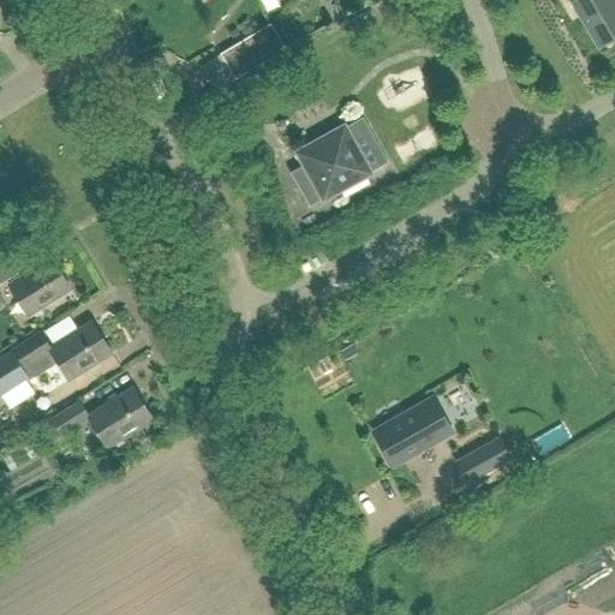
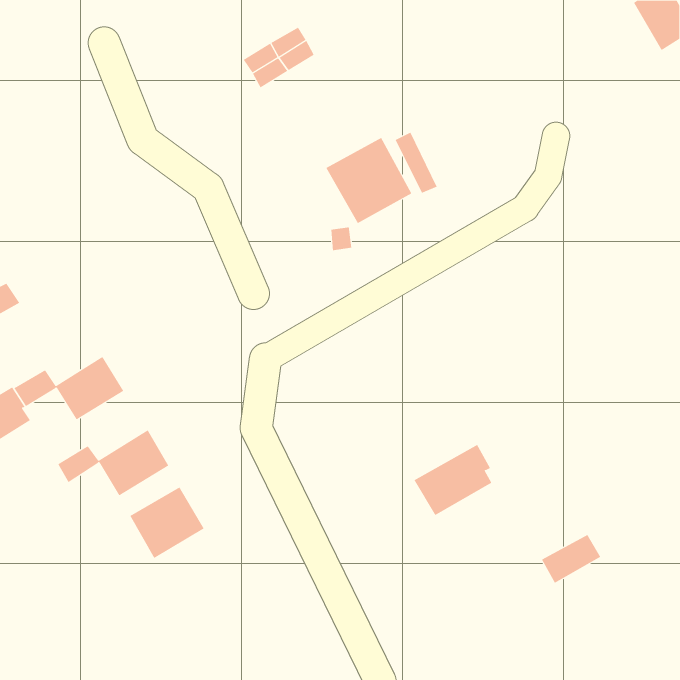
building: [10,257,72,315] -> none
building: none -> [129,486,205,559]
building: [454,440,508,484] -> [541,534,601,583]

